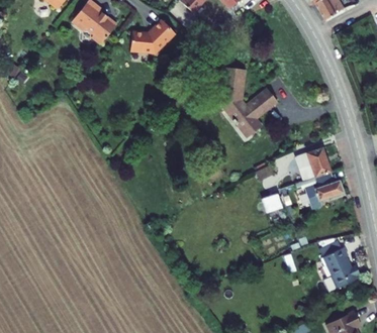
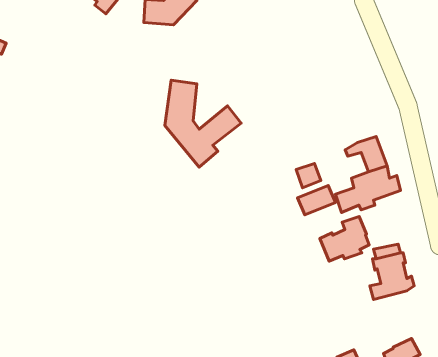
building: [223,63,286,134] -> [165,80,241,167]
building: none -> [320,216,369,261]

